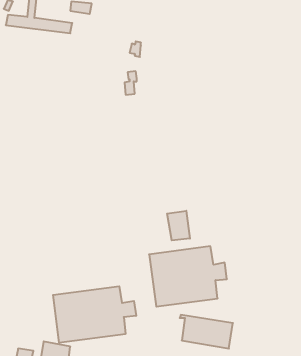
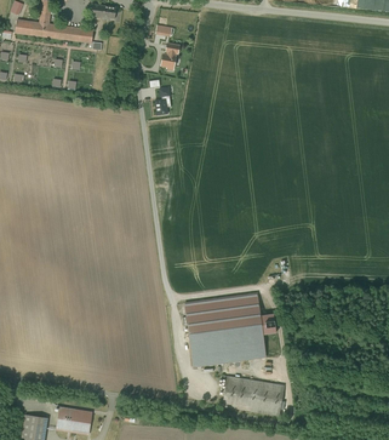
building: [167,211,190,240] -> none
building: [53,286,136,343] -> none

